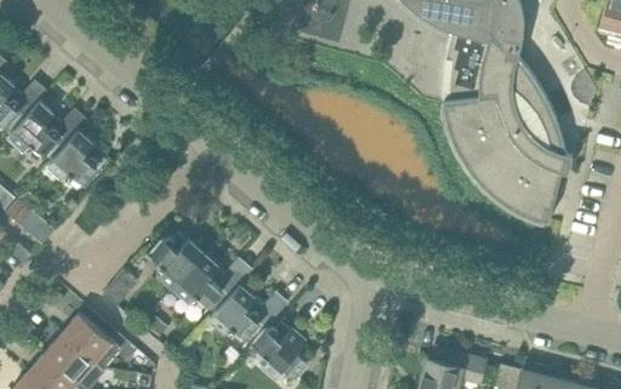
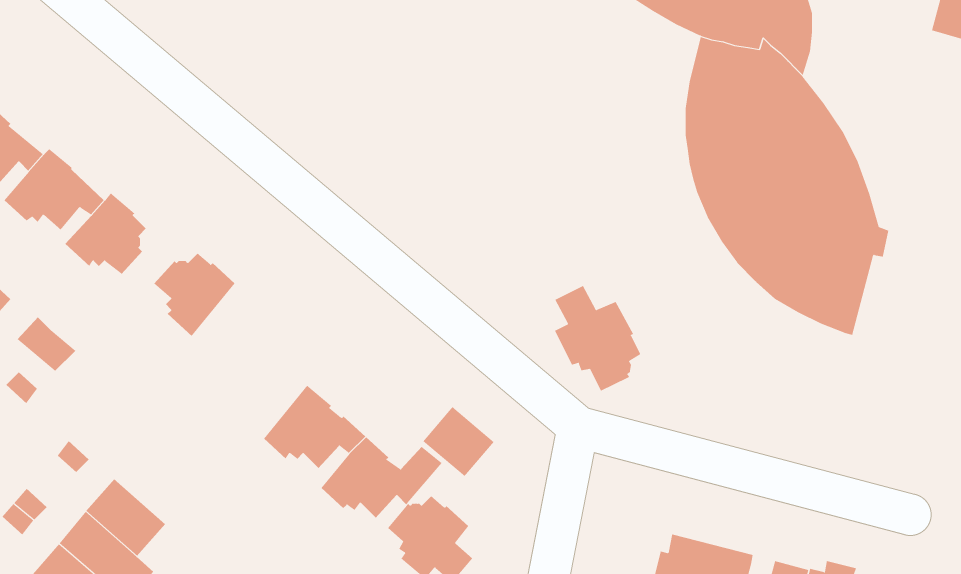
building: none -> [554,285,641,391]
building: [150,233,203,286] -> [154,253,236,337]
building: none -> [423,406,495,477]

